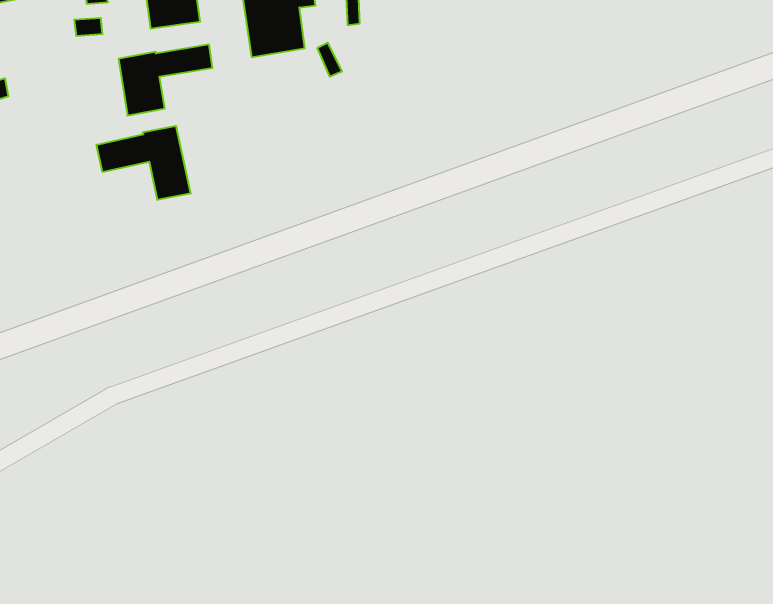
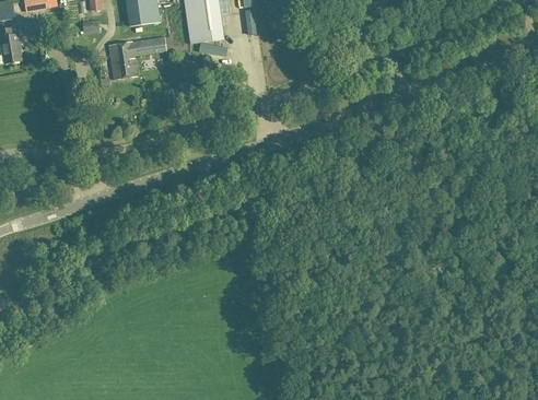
building: [97,126,191,200] -> none

